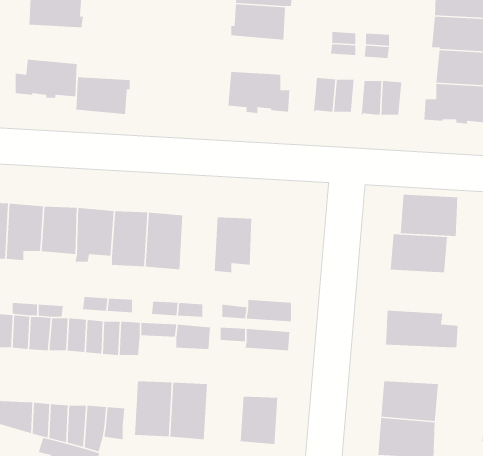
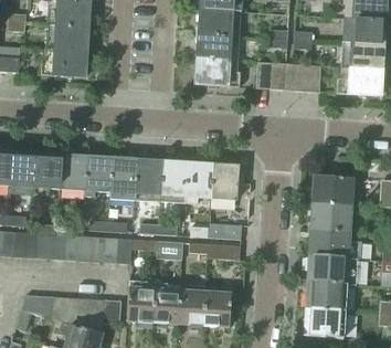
building: none -> [197,33,236,61]
building: [75,76,131,115] -> [51,25,91,53]
building: [400,194,458,237] -> [310,202,352,233]
building: none -> [161,162,188,203]
building: none -> [212,165,240,200]
building: none -> [308,256,359,285]
building: none -> [179,284,207,326]

